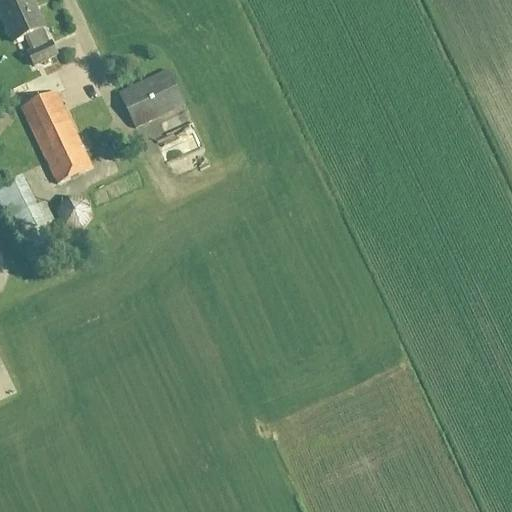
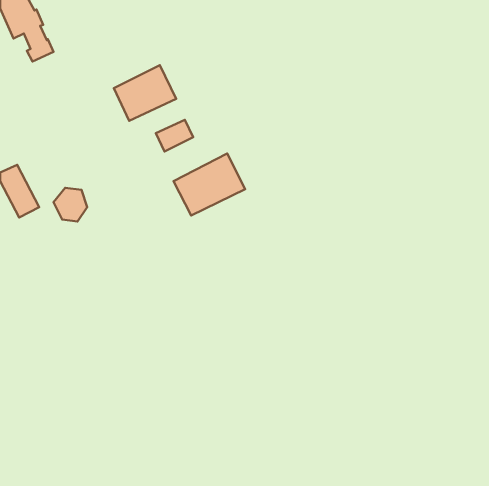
building: [21,90,92,183] -> none
building: none -> [174,154,245,215]

